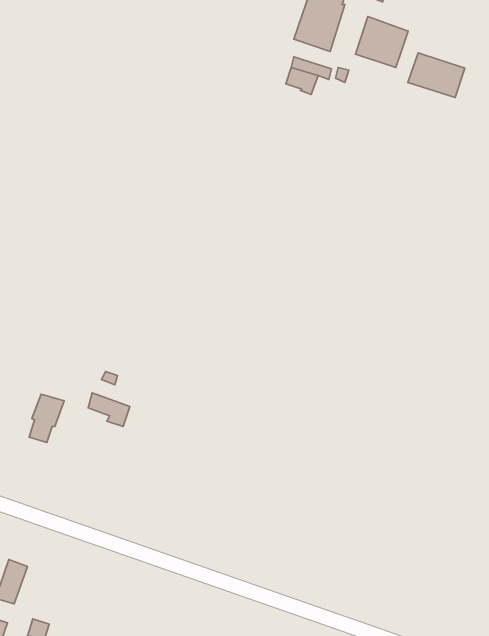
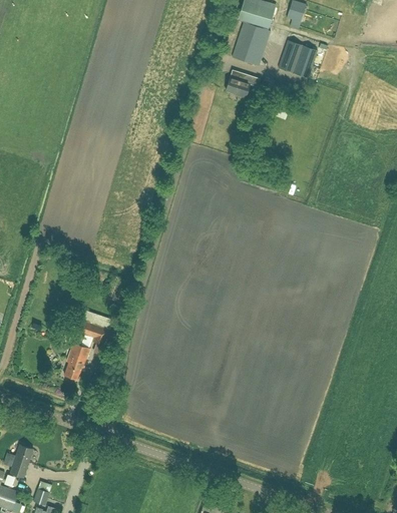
building: [408,53,465,97] -> none
building: [29,394,64,443] -> [64,343,90,379]

